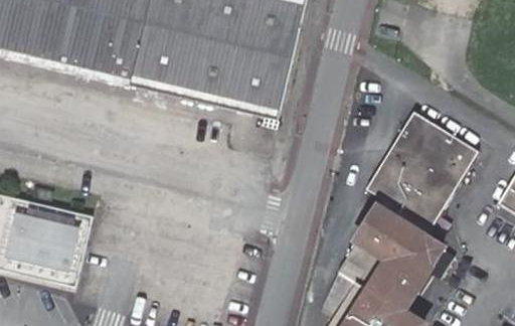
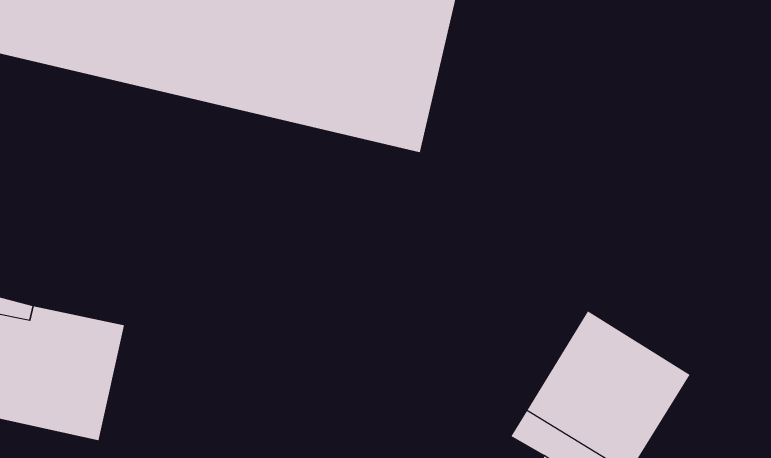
building: [371,112,480,229] -> none

